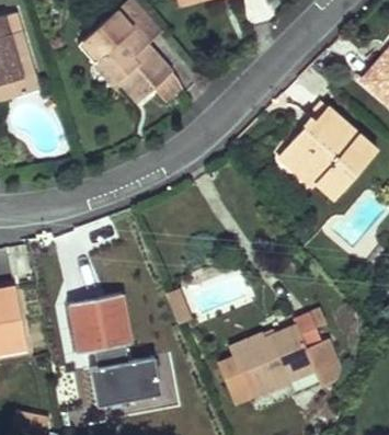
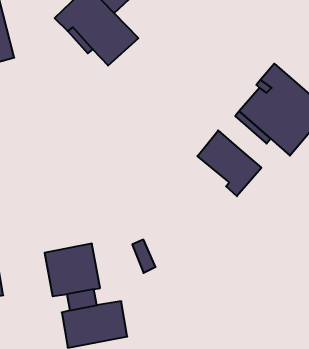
building: none -> [197,130,261,196]
building: [228,313,341,398] -> none

